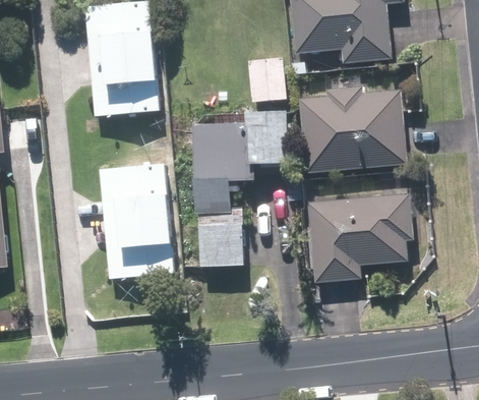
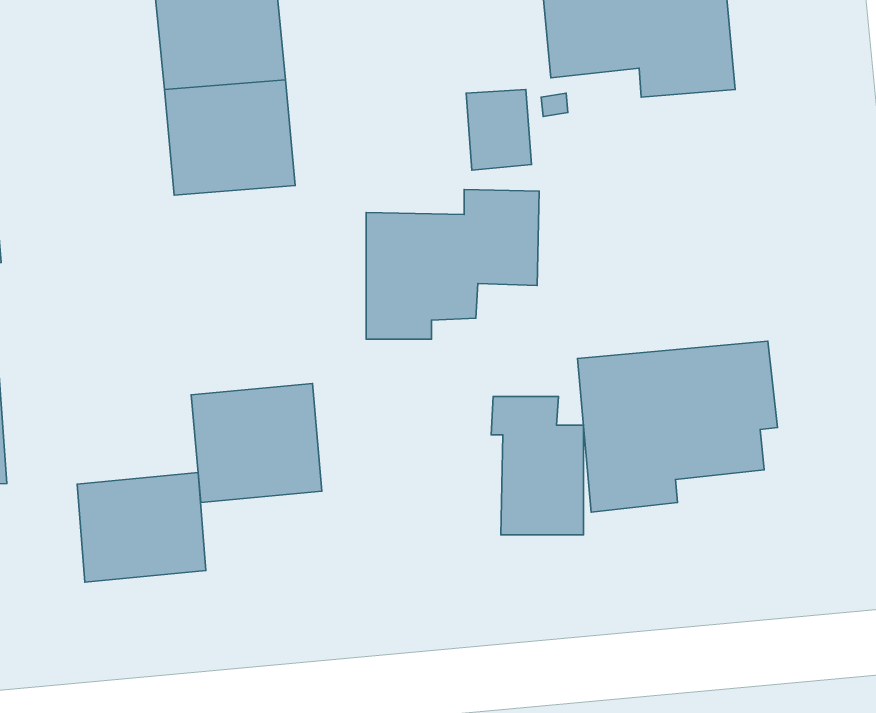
building: [298,85,406,171] -> none
building: [99,162,167,220] -> [77,473,206,582]
building: [194,190,243,264] -> [491,396,583,535]

